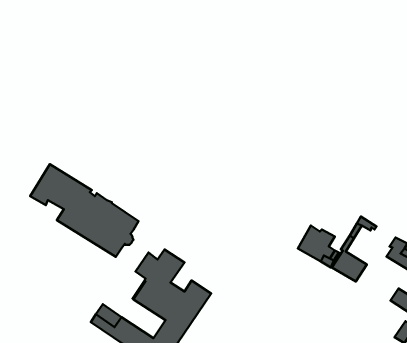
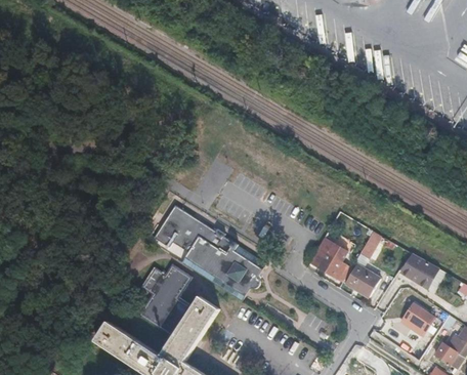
building: [30,164,139,257] -> [152,206,263,301]

